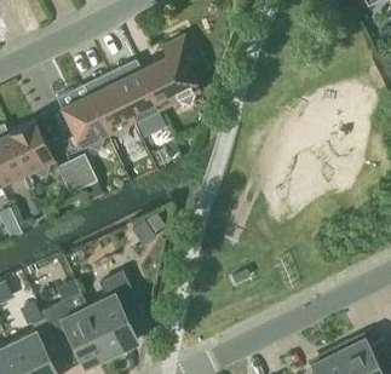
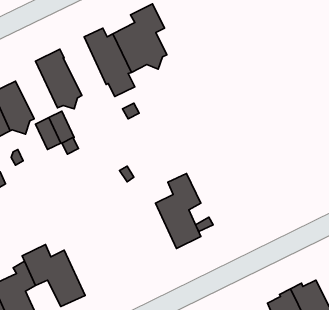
building: [86,73,133,137] -> none
building: [87,274,137,356] -> [156,173,201,249]

